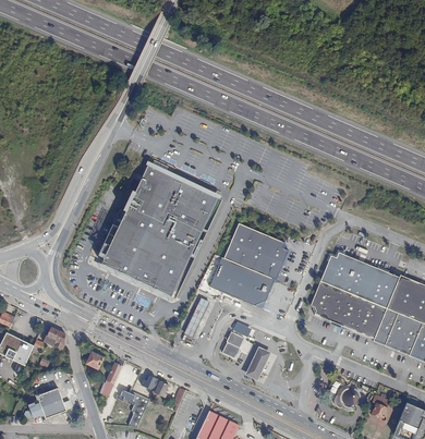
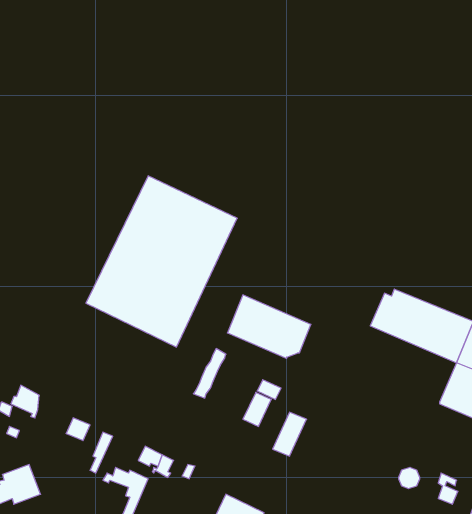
building: [224,222,289,280] -> none
building: [311,280,387,339] -> none

